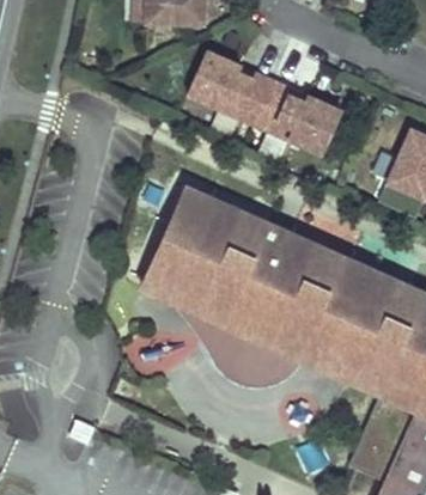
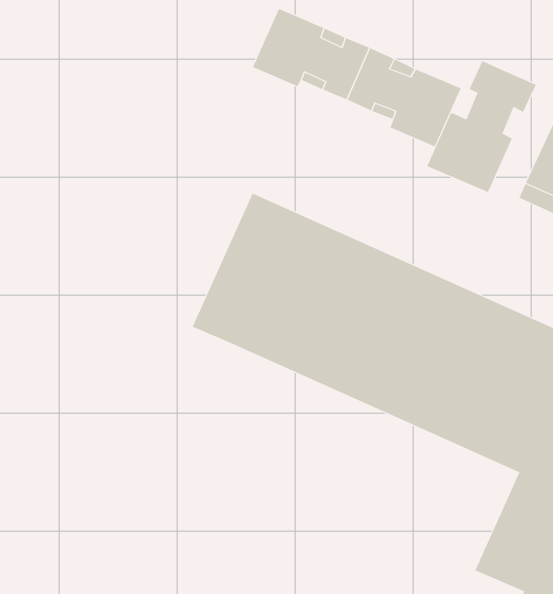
building: none -> [427,61,537,193]
building: [168,297,304,386] -> none

